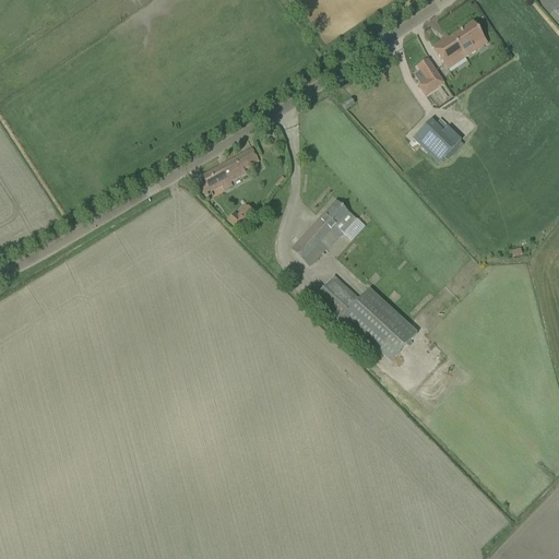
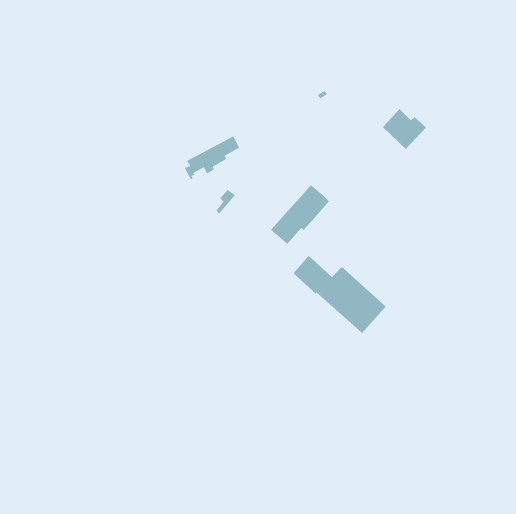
building: [435,20,485,63] -> none
building: [418,58,444,94] -> none

